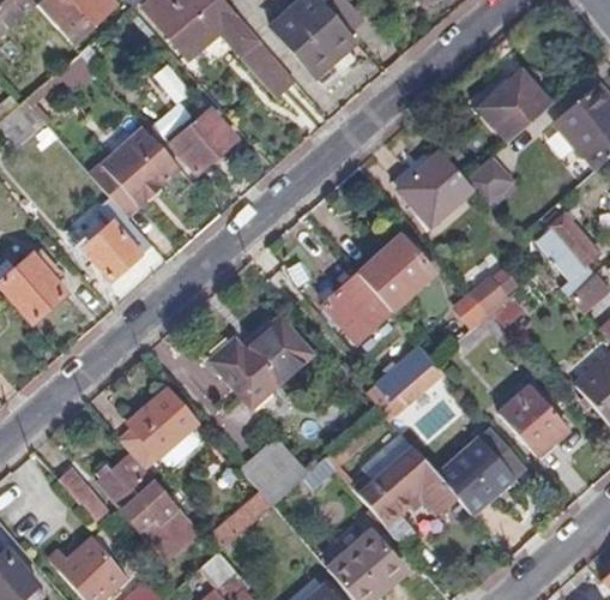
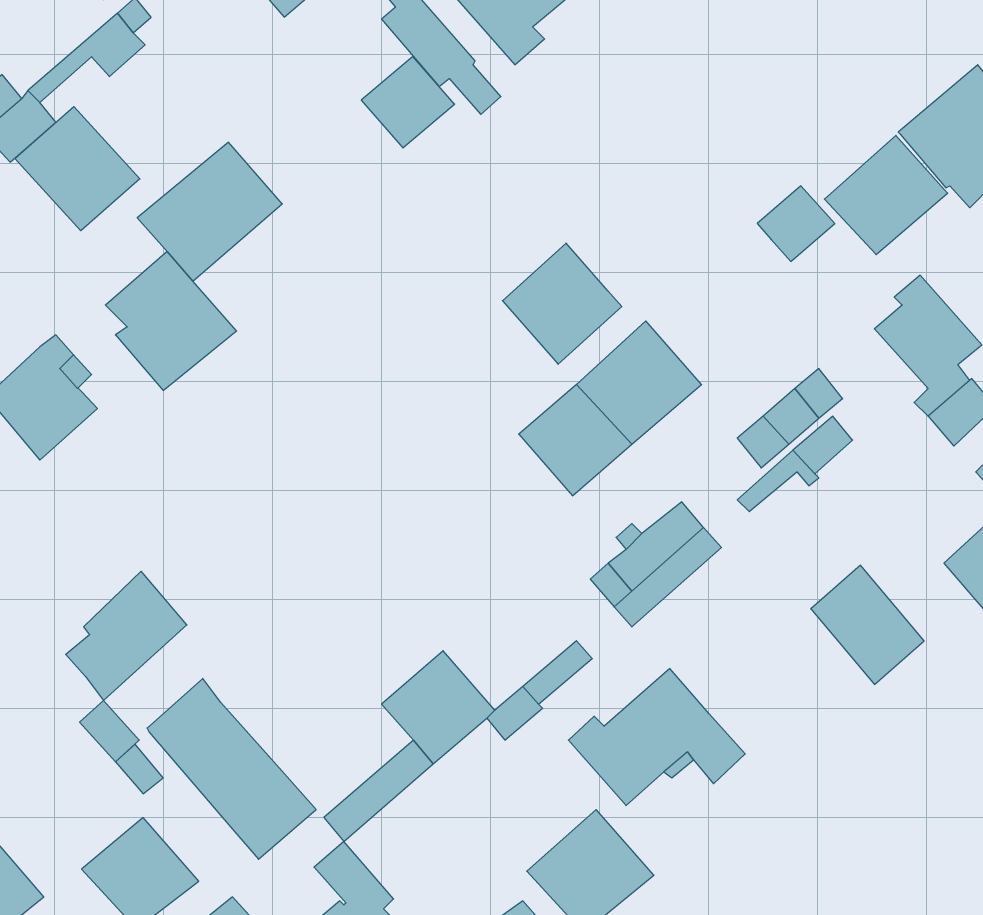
building: [477,68,551,140] -> [824,135,948,255]
building: none -> [15,107,140,231]
building: [179,108,235,163] -> [361,56,455,148]
building: [403,149,475,222] -> [502,243,622,364]
building: [212,319,312,404] -> none
building: [120,389,193,467] -> [66,571,187,700]
building: [437,436,513,512] -> none

